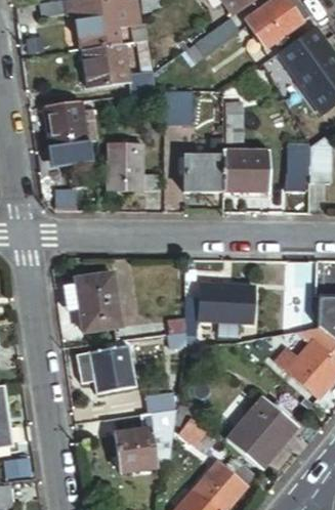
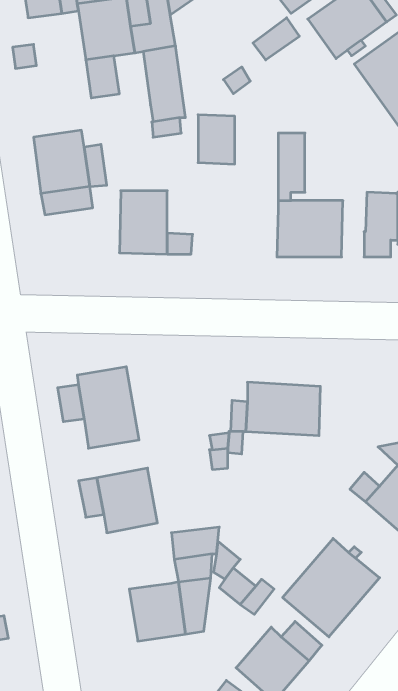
building: [86,42,129,87] -> none
building: [183,156,222,192] -> none

